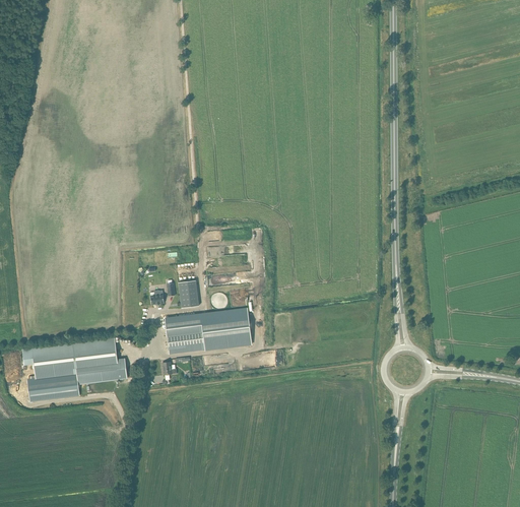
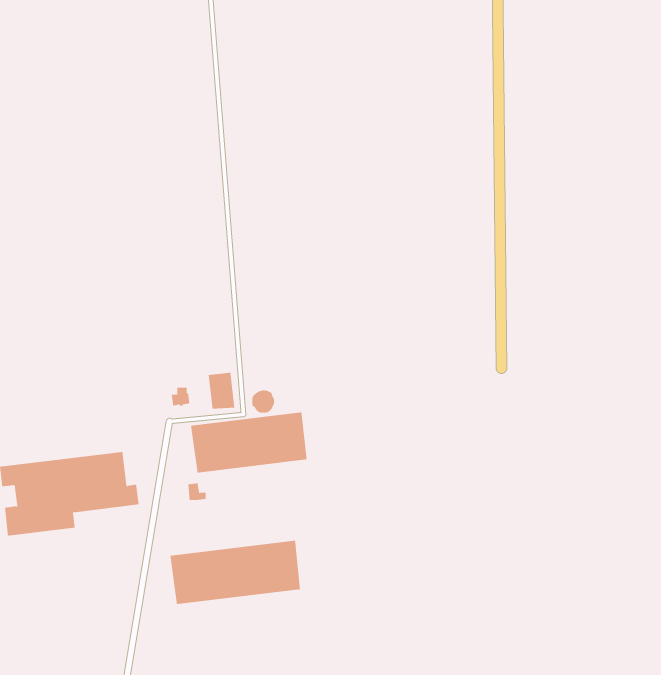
building: none -> [170,540,300,605]

